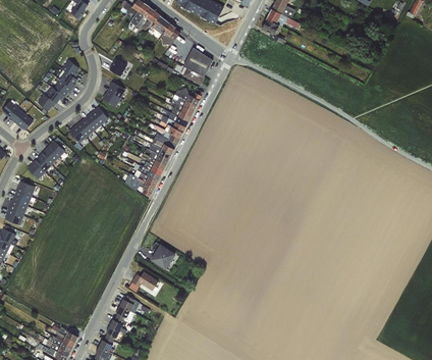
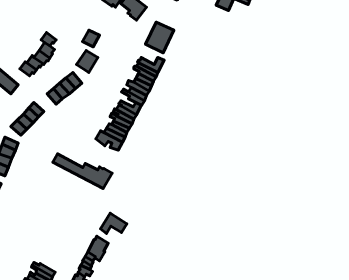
building: none -> [53,154,112,189]
building: [150,241,177,269] -> none

